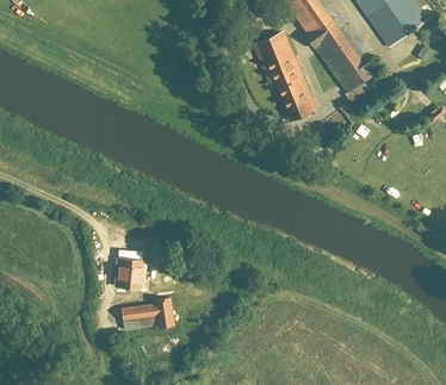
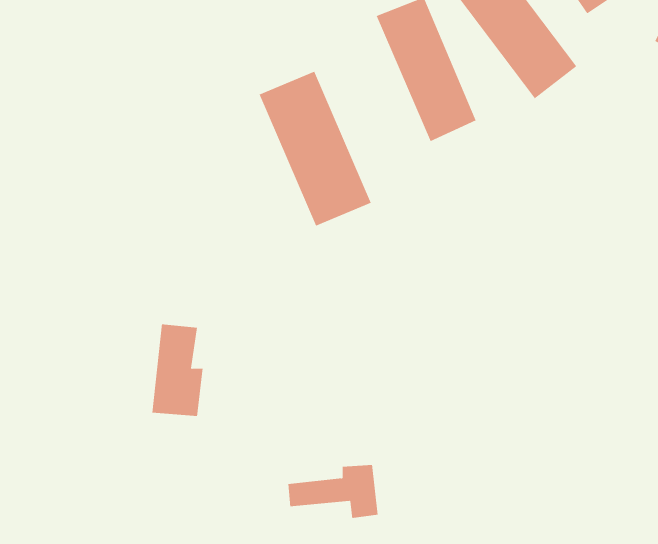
building: none -> [259,71,371,227]
building: [118,297,174,330] -> [288,464,379,519]

